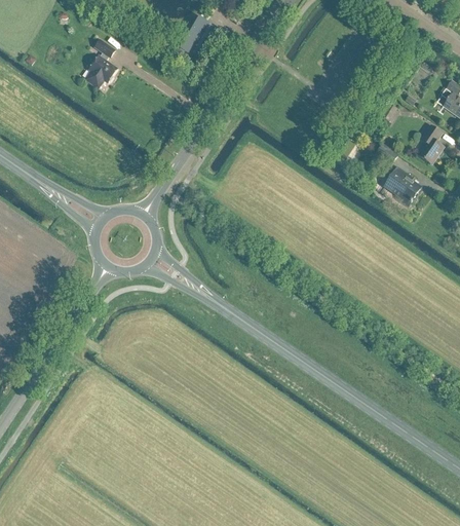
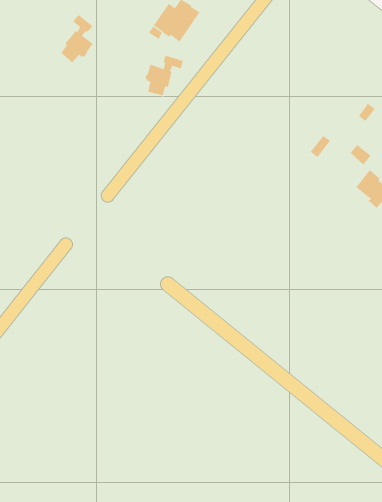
building: none -> [145,55,183,96]

